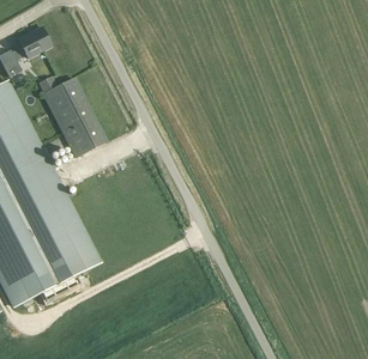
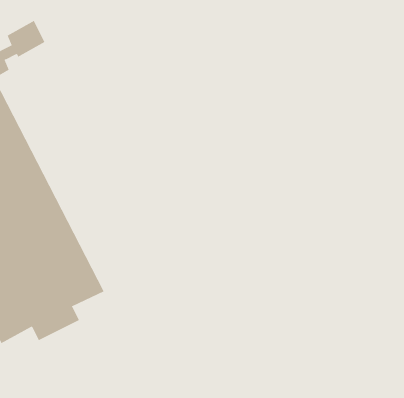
building: [42,79,104,157] -> none

